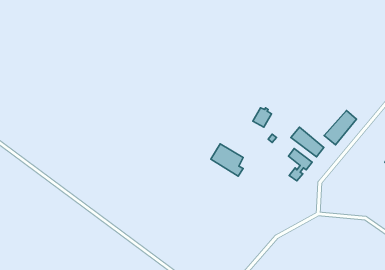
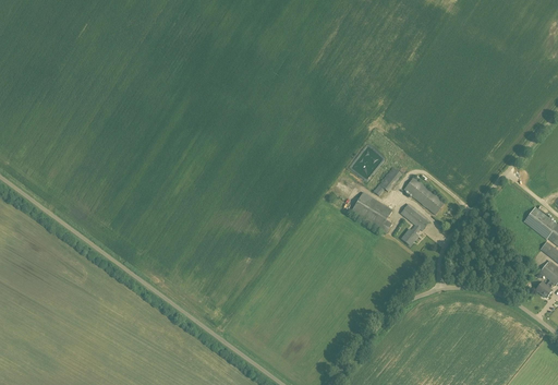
building: [324,111,357,145] -> none
building: [211,144,243,176] -> [351,192,392,233]

